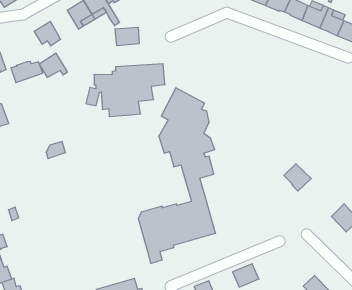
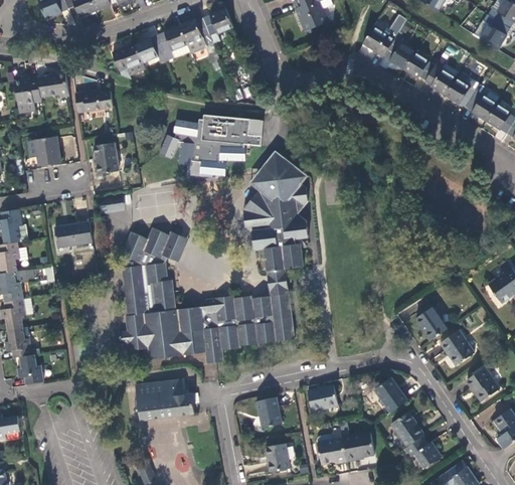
building: [115,27,139,46] -> none
building: [39,53,67,78] -> [133,34,166,62]
building: none -> [93,142,119,174]
building: none -> [119,228,206,359]
building: [284,164,311,191] -> [415,307,449,341]
building: none -> [54,221,93,248]
building: none -> [374,378,407,413]

